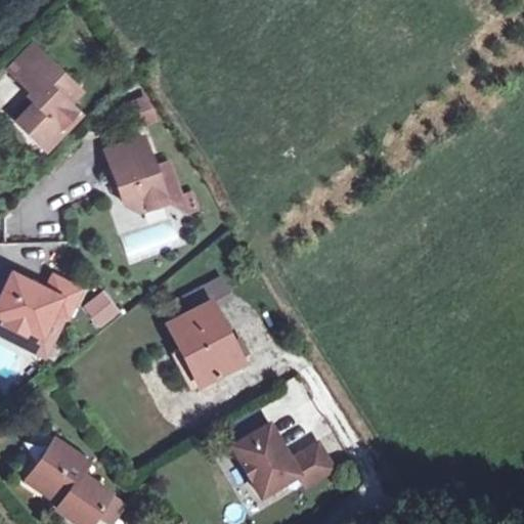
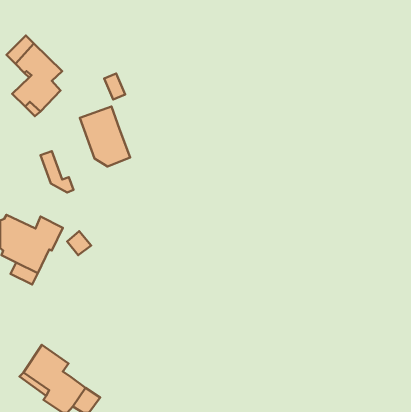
building: [154,160,195,212] -> [40,151,74,192]
building: [170,278,241,387] -> none
building: [231,423,334,494] -> none

